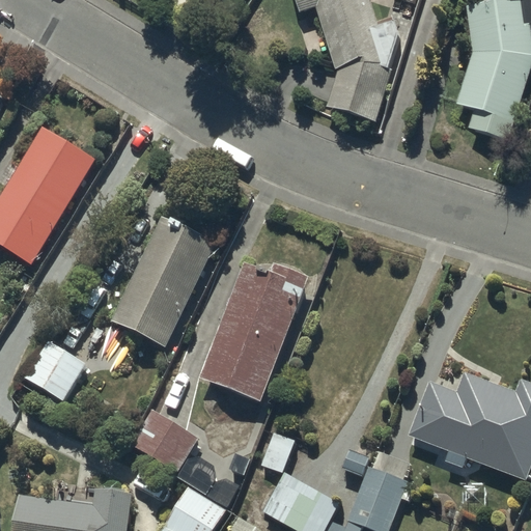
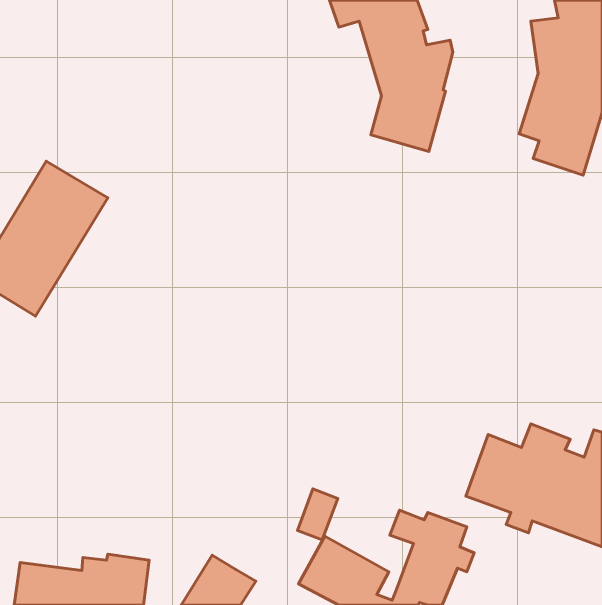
building: [111,217,215,347] -> none
building: [199,258,307,401] -> none
building: [23,338,85,401] -> none
building: [129,409,198,473] -> none

